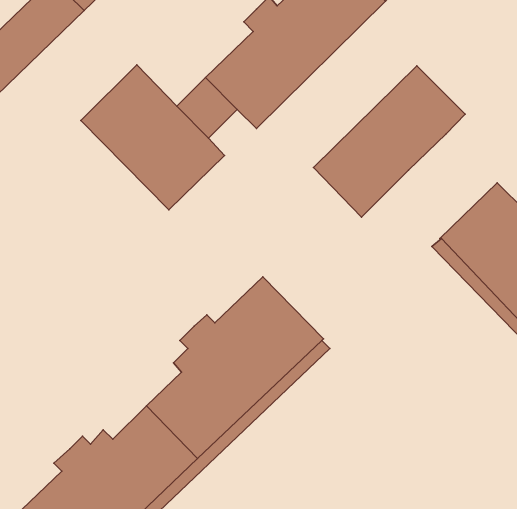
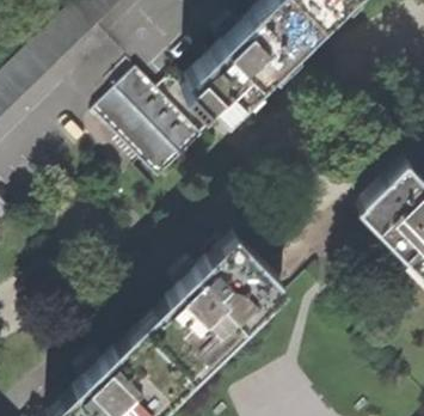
building: [314,66,465,217] -> none

